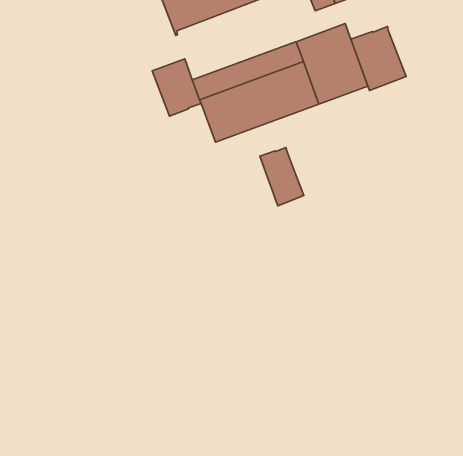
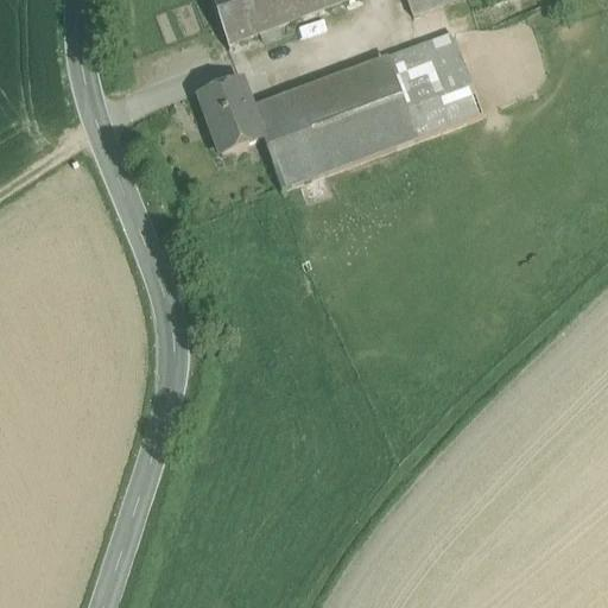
building: [351,27,406,91] -> none
building: [260,148,304,206] -> none

